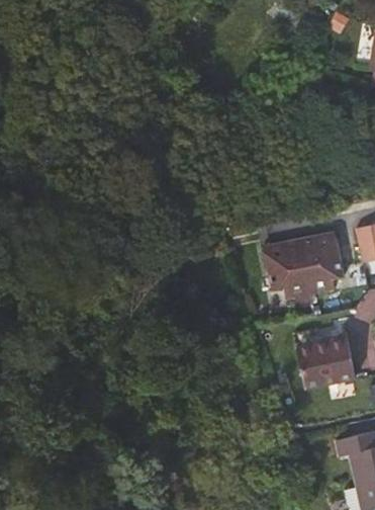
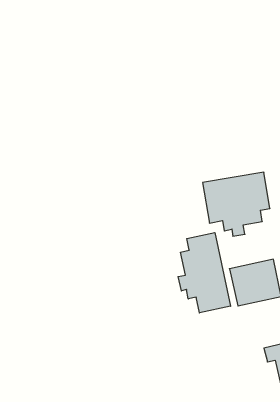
building: none -> [178,233,231,313]

